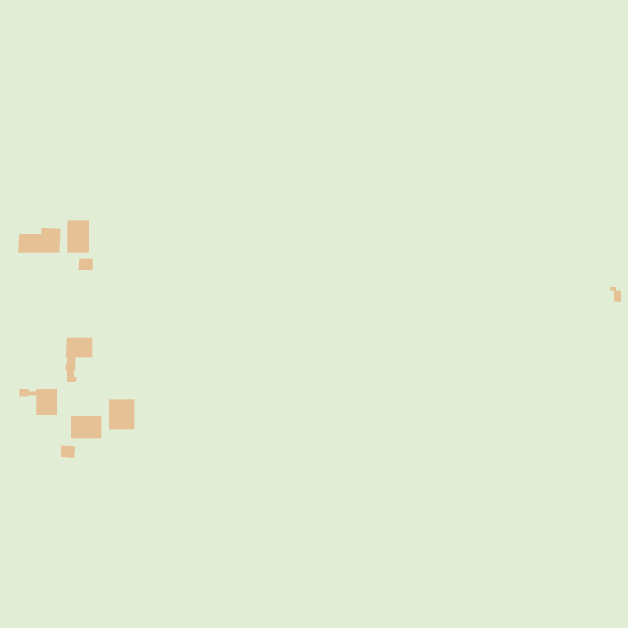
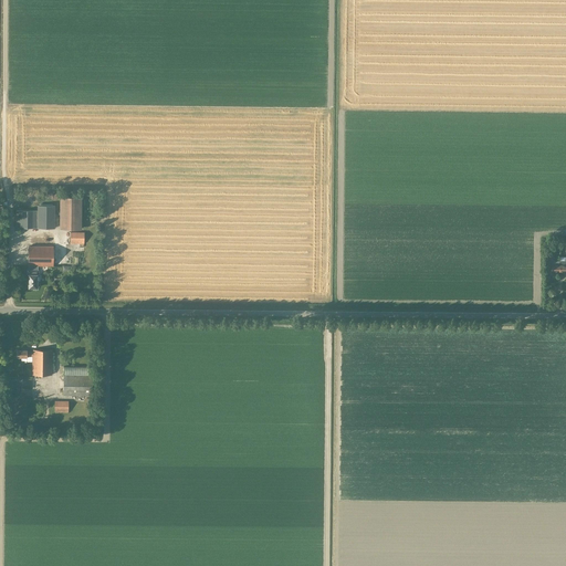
building: [65,337,93,383] -> [28,247,53,287]
building: [108,399,135,430] -> none

